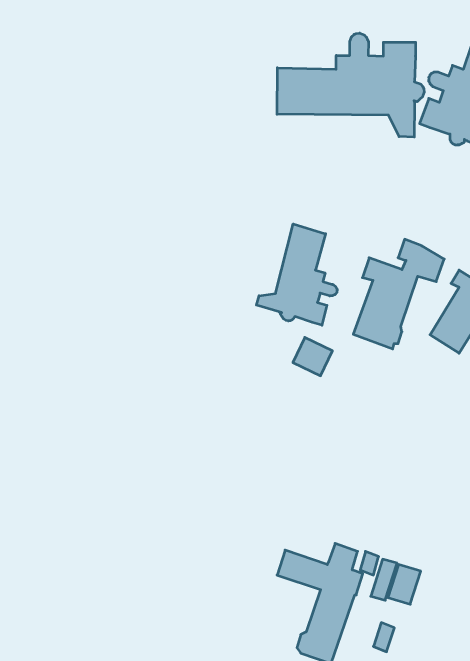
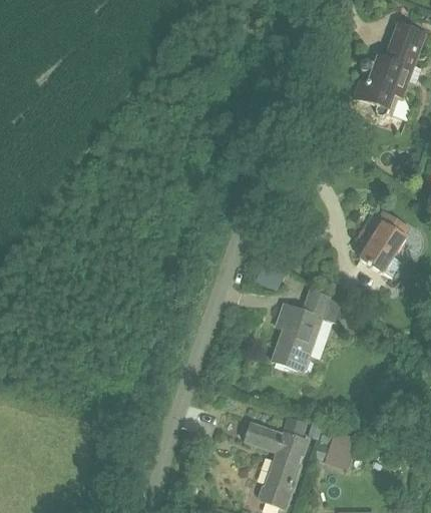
building: [277,33,424,137] -> none
building: [256,224,337,325] -> none
building: [353,239,444,349] -> [273,290,342,373]

